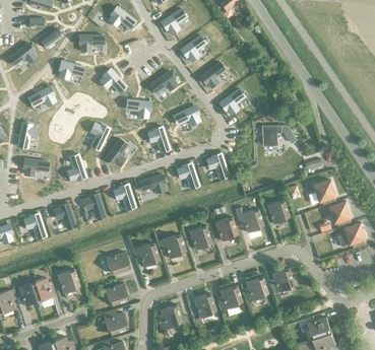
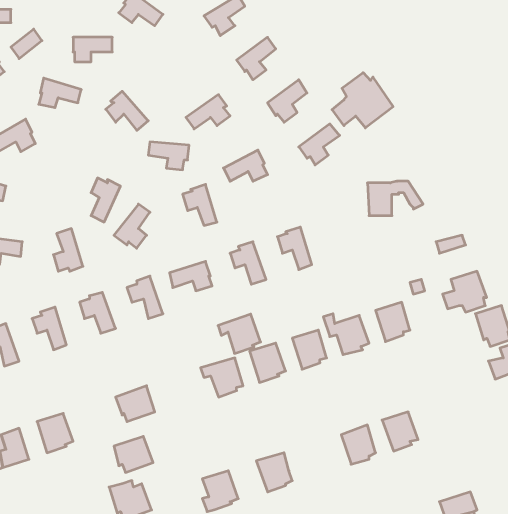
building: none -> [332,73,393,128]
building: [132,242,159,267] -> [218,314,261,353]
building: [218,285,241,310] -> none

